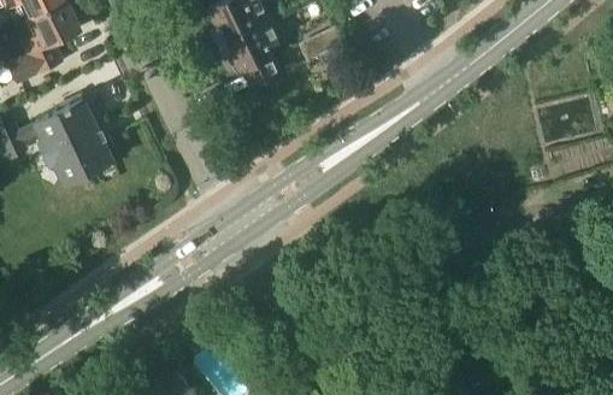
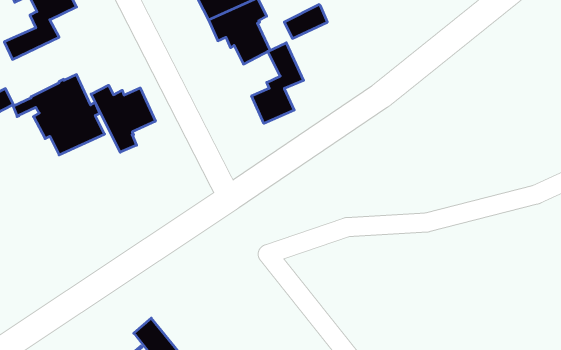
building: none -> [252,43,304,123]
building: none -> [91,85,155,152]

